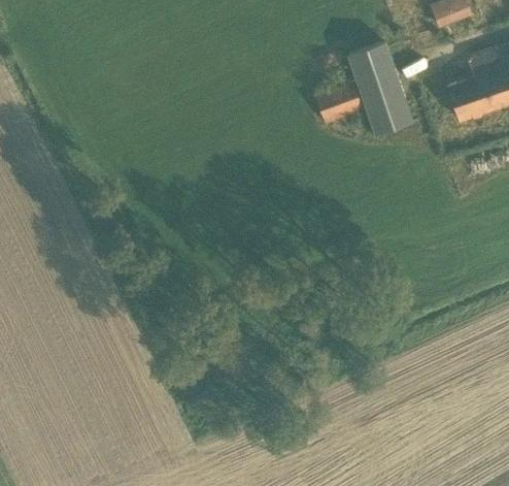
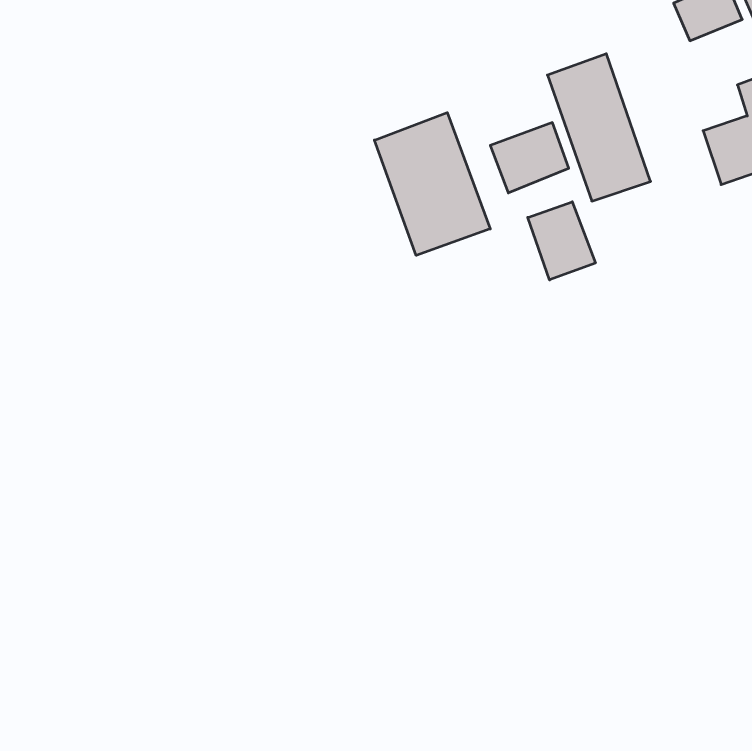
building: none -> [374,113,490,255]
building: none -> [528,202,595,280]

